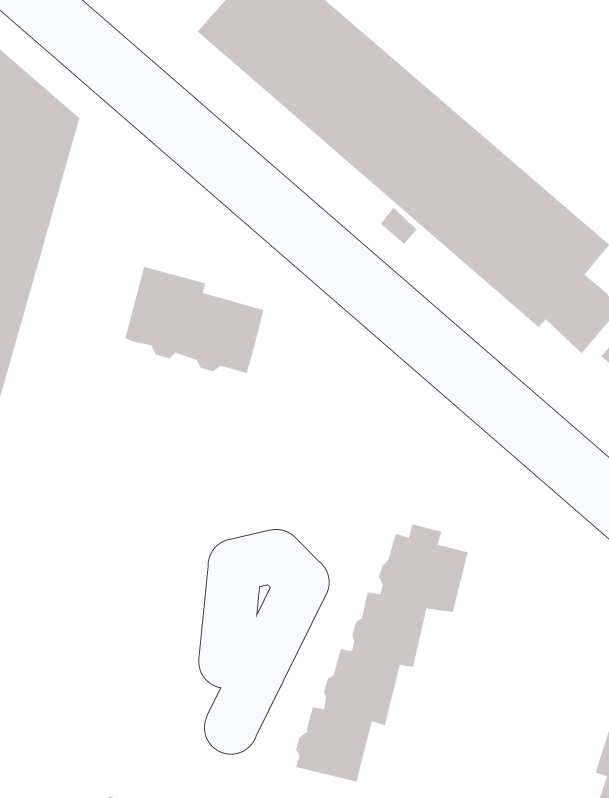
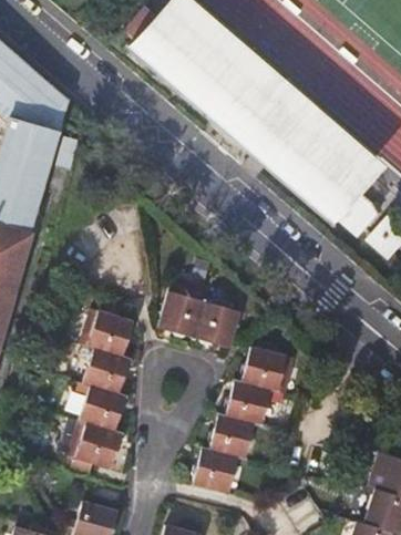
building: [125,266,264,374] -> [158,285,240,348]
building: none -> [69,303,134,471]

